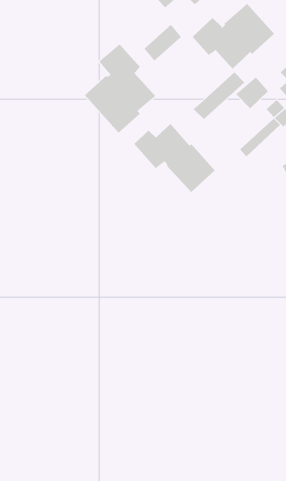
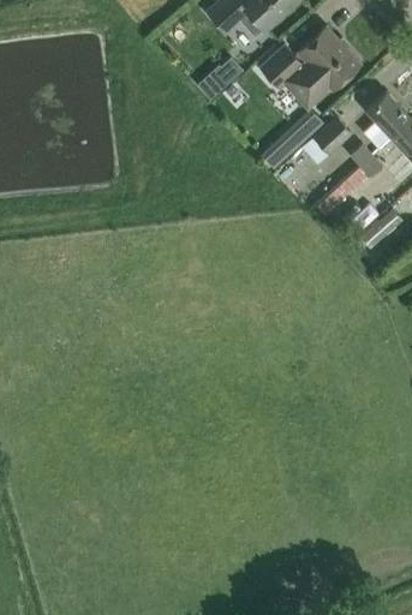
building: [84,44,156,133] -> none
building: [133,123,216,193] -> none

